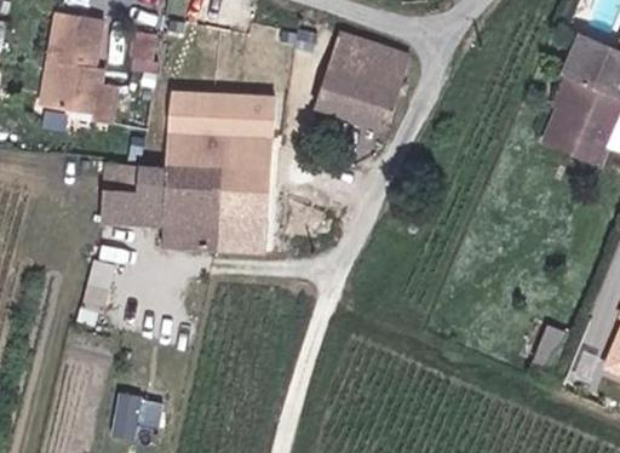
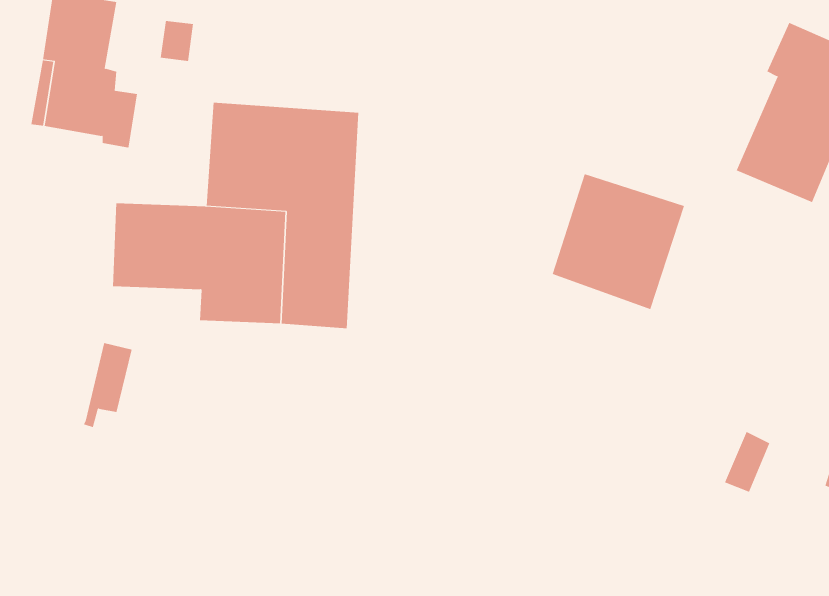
building: [314,34,408,131] -> [552,173,685,310]
building: [115,390,166,434] -> none

